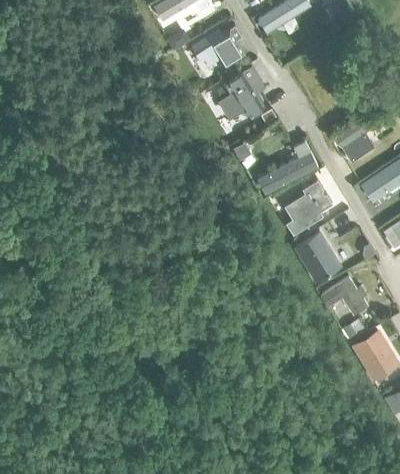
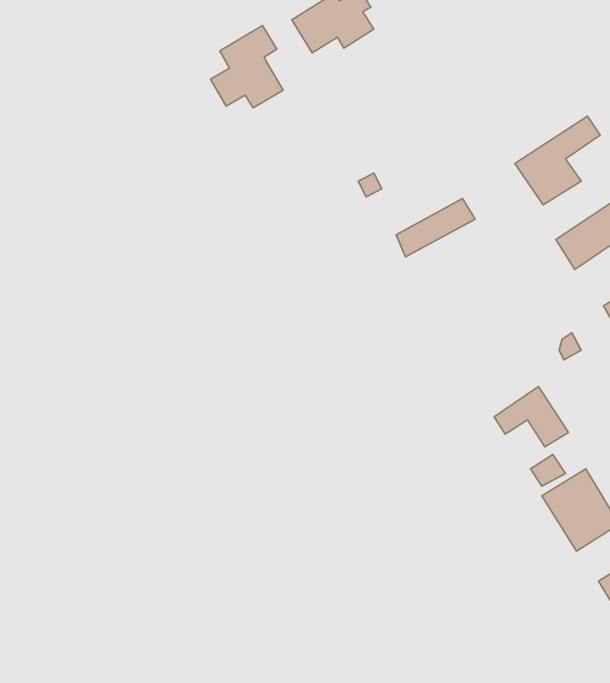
building: [219,65,265,117] -> [210,25,283,108]
building: [287,179,334,232] -> none
building: [294,231,342,282] -> none

